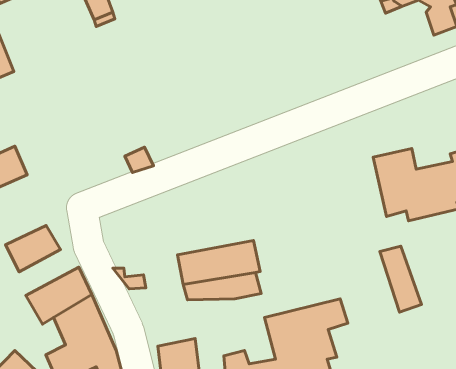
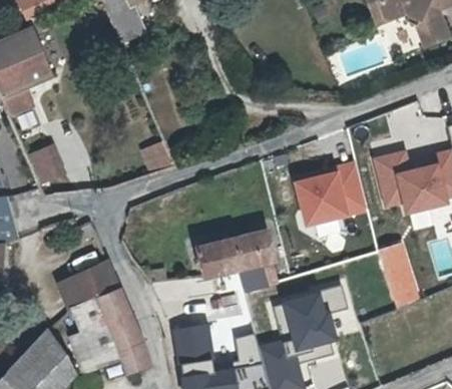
building: none -> [292,156,371,228]
building: [5,225,61,272] -> none

